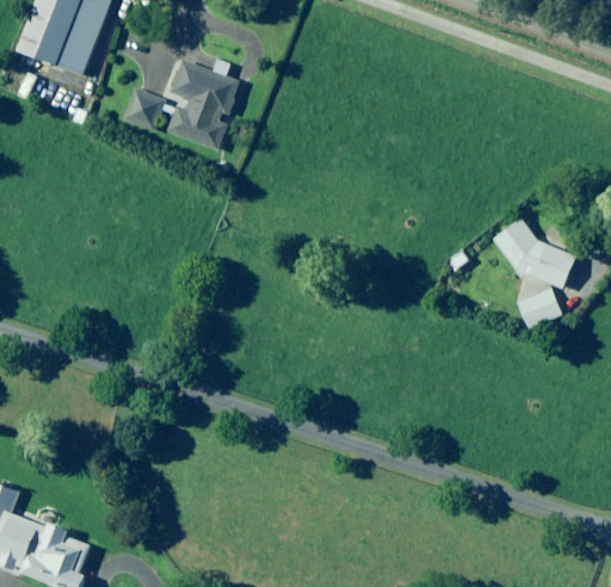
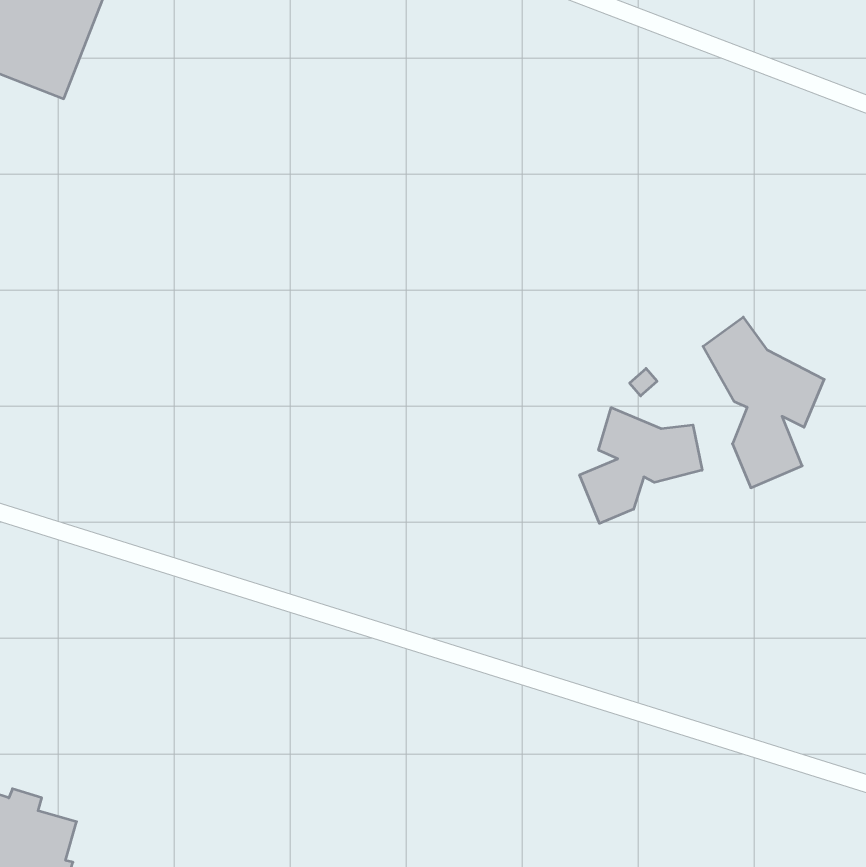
building: [122,62,236,150] -> none
building: none -> [580,408,702,523]

